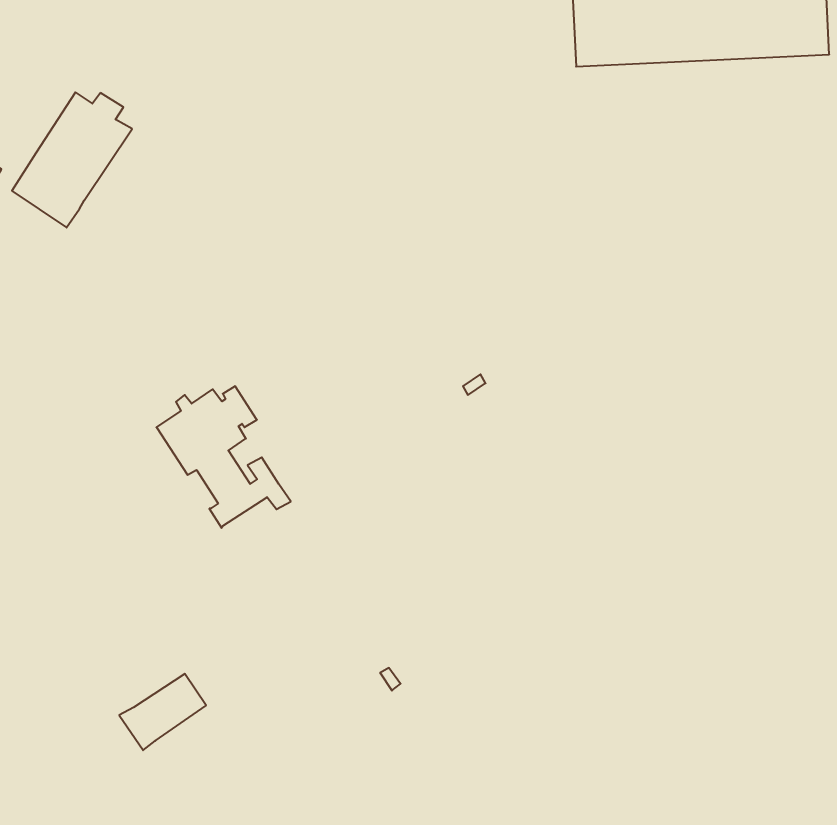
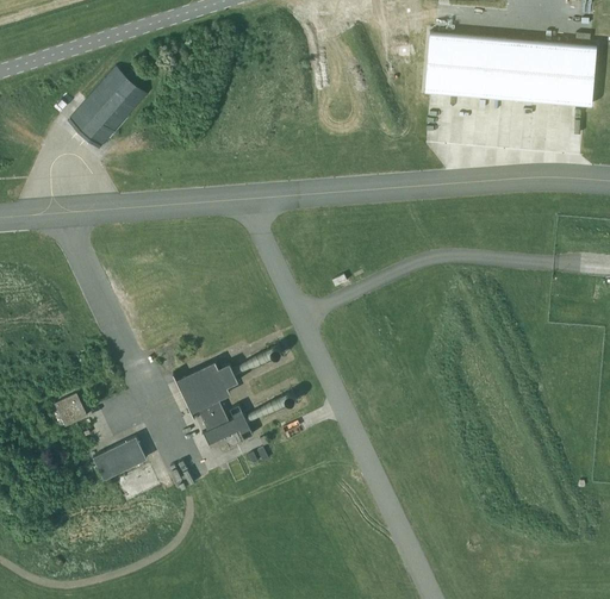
building: [156,386,291,528] -> [175,361,253,448]
building: none -> [54,394,86,428]

